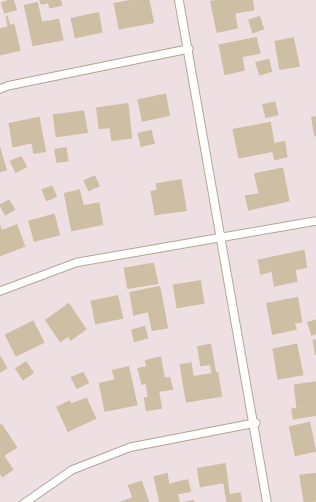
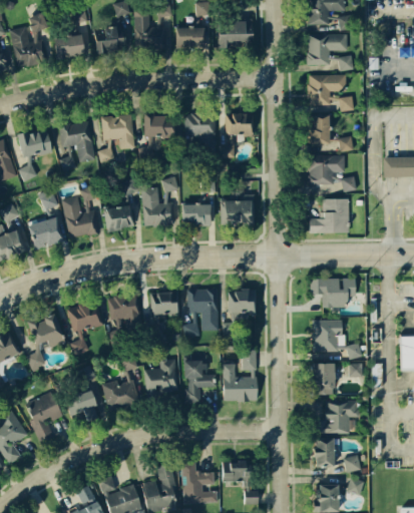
building: [274,36,301,71] -> [310,114,331,143]
building: [123,262,159,290] -> [181,204,213,225]
building: none -> [68,389,101,422]

